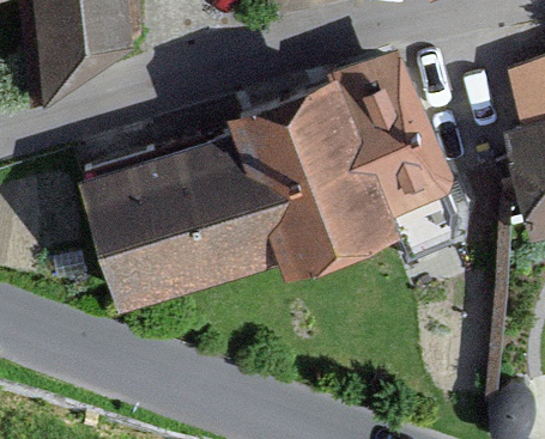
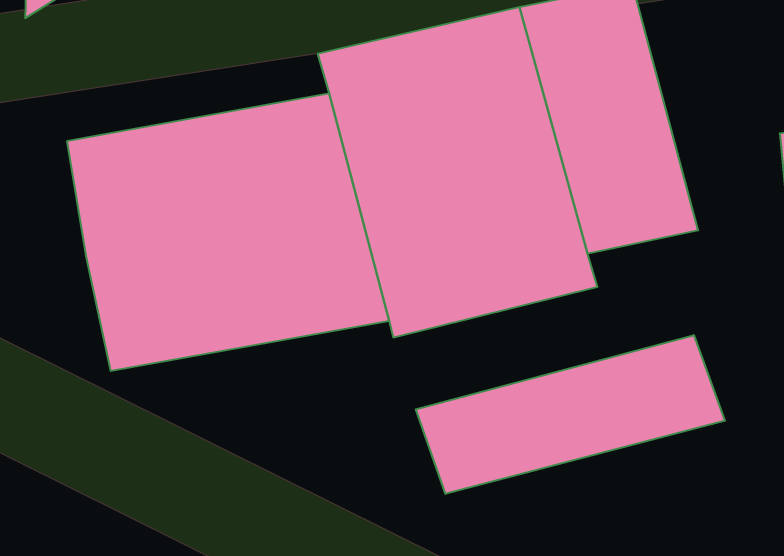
building: none -> [416,335,725,494]

